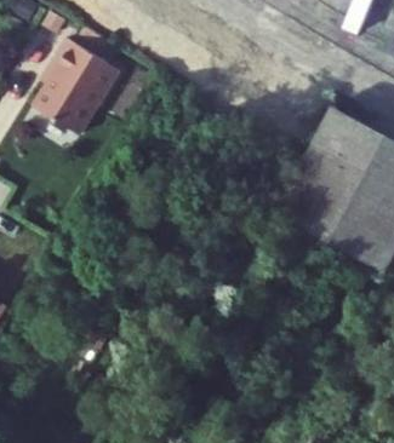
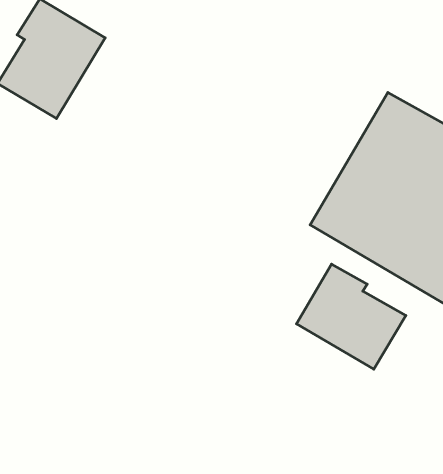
building: none -> [296,264,406,369]

